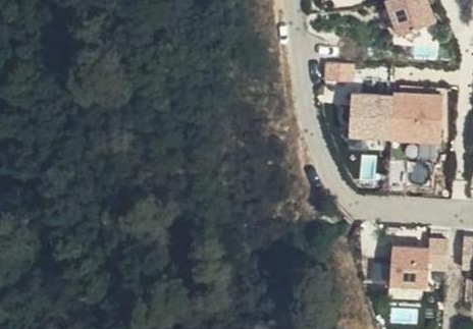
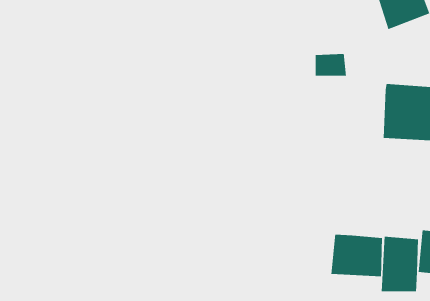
building: [345,95,392,145] -> none
building: none -> [331,234,383,277]

